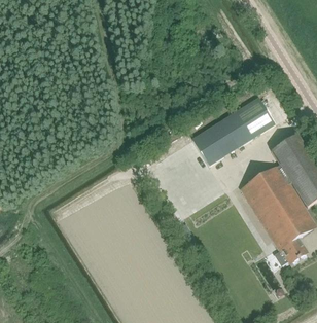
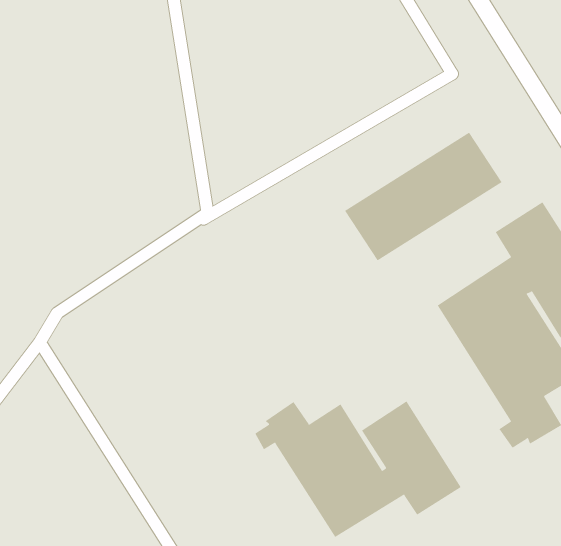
building: none -> [254,401,462,538]

